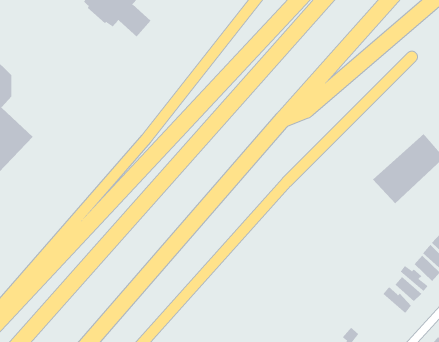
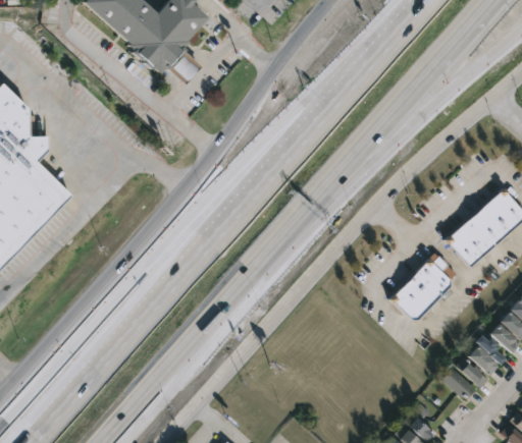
building: none -> [389,257,451,320]
building: none -> [442,369,474,401]

